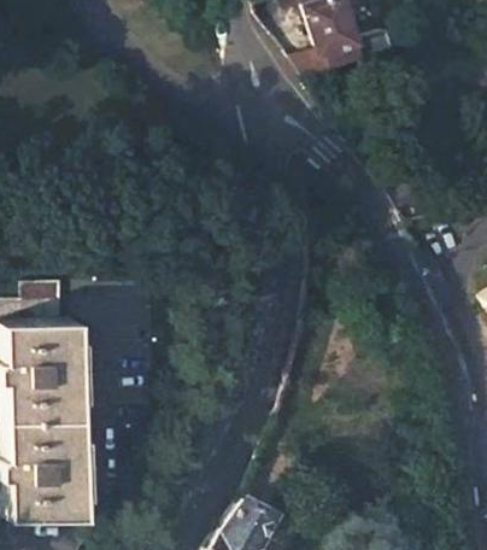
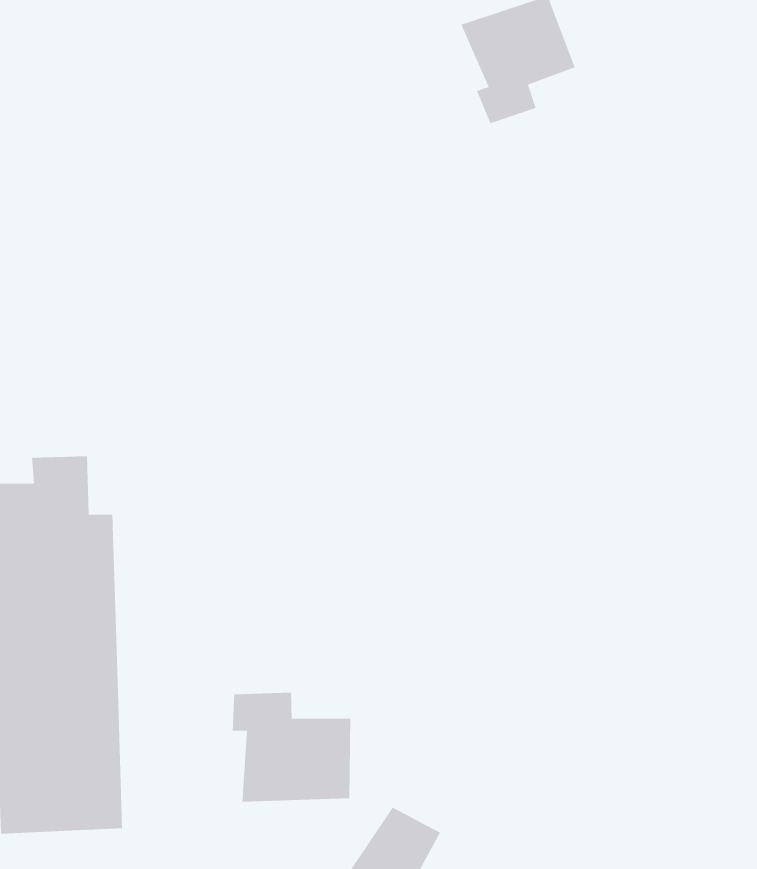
building: none -> [232,692,351,802]

